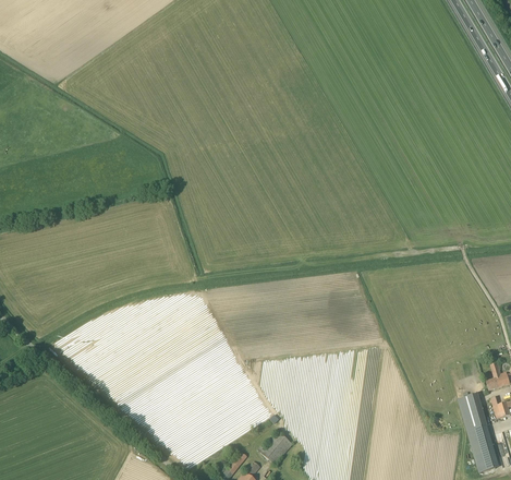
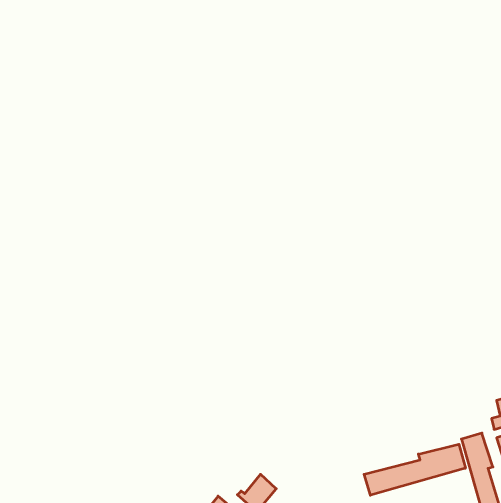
building: none -> [364,444,465,495]

